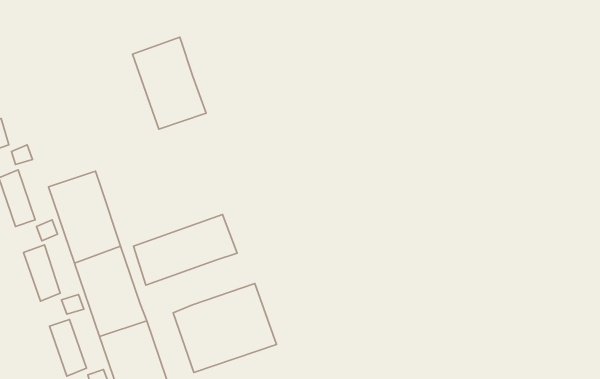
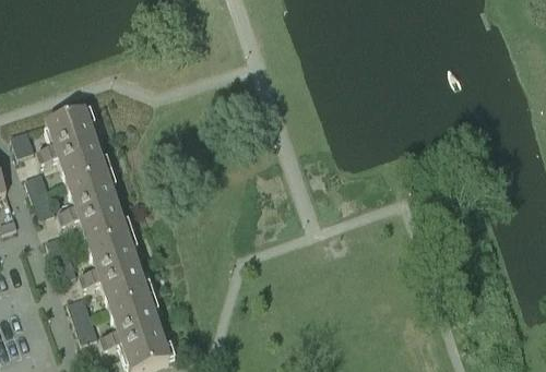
building: [132,37,206,129] -> [45,106,106,182]
building: [133,214,237,285] -> none
building: [173,283,276,373] -> none

